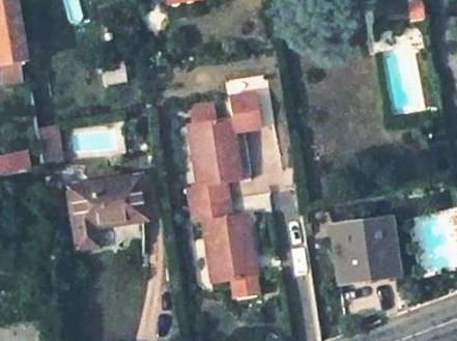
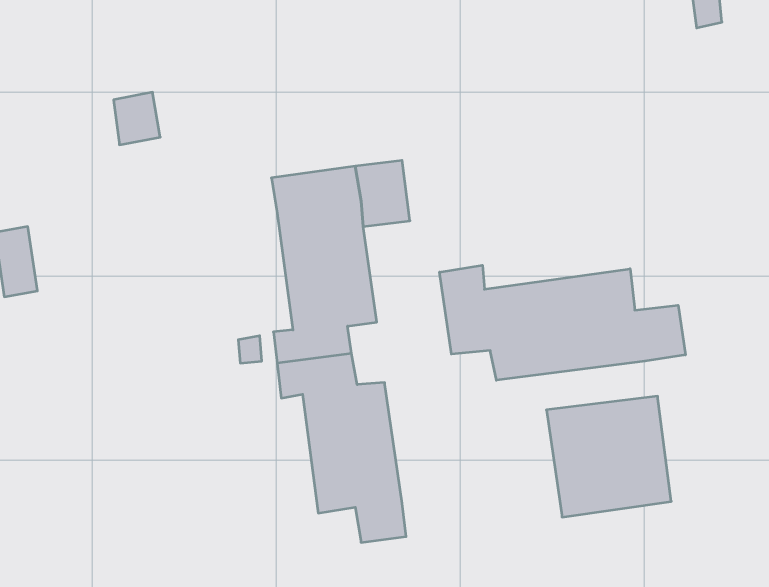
building: none -> [440,265,685,380]
building: [67,177,146,251] -> none

